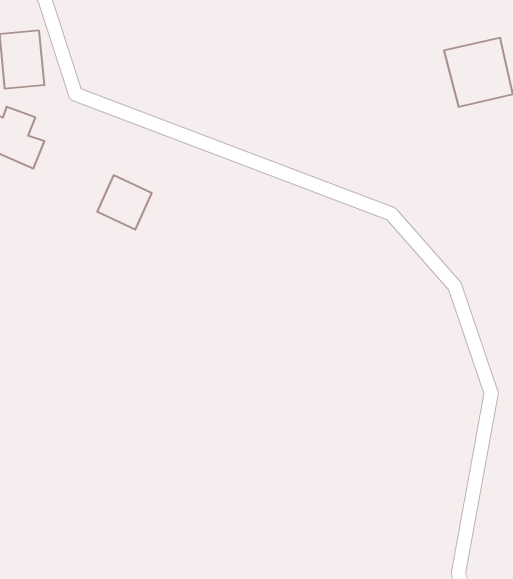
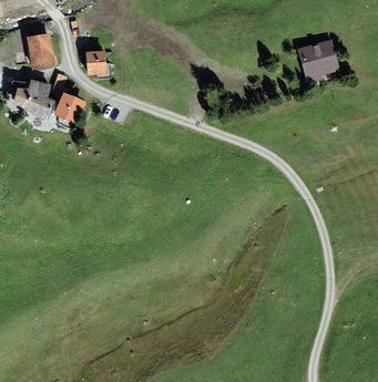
building: none -> [88,51,109,74]
building: [97,175,152,230] -> [55,92,89,125]

